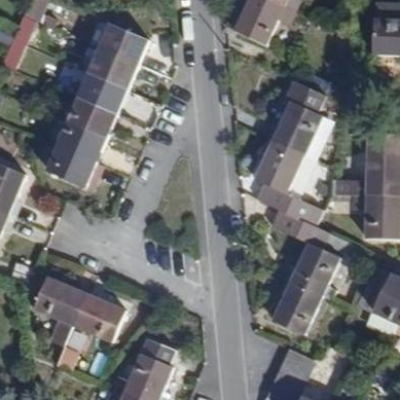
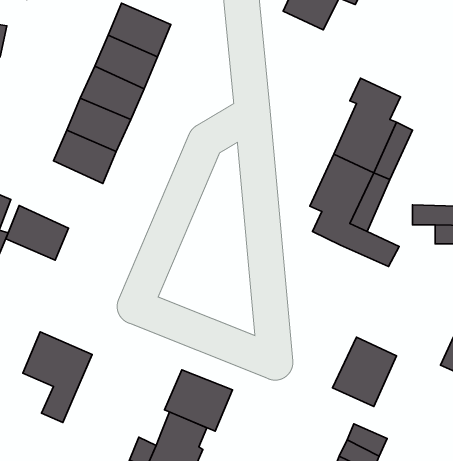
building: [46,145,95,187] -> [6,205,68,260]
building: [270,210,347,295] -> none
building: [73,294,125,341] -> [164,370,233,431]

